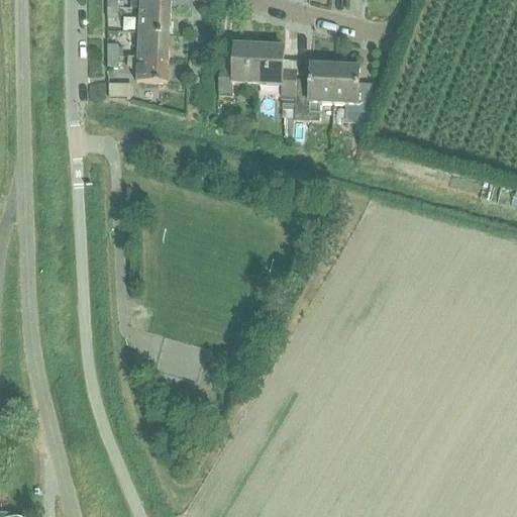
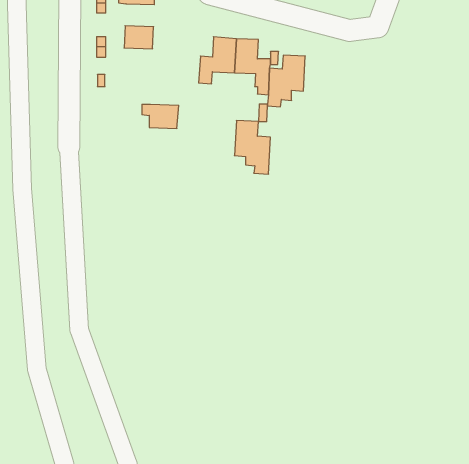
building: [137,4,170,29] -> none
building: [127,53,168,79] -> [142,104,179,128]
building: [333,62,373,120] -> [234,121,270,174]

